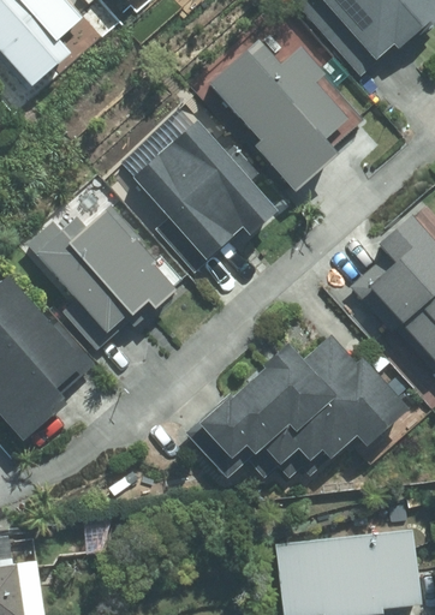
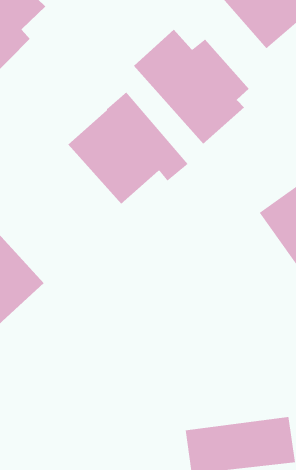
building: [40,203,171,335] -> none
building: [187,318,409,474] -> none

